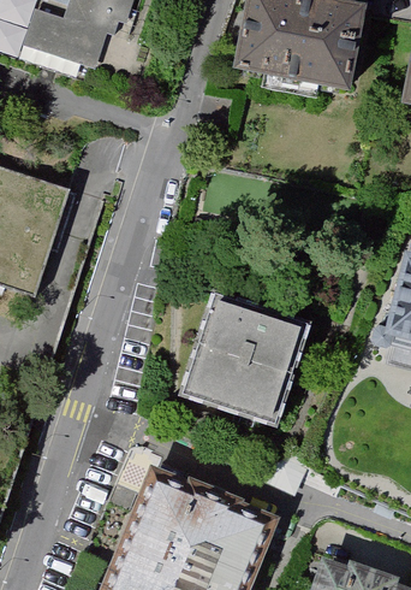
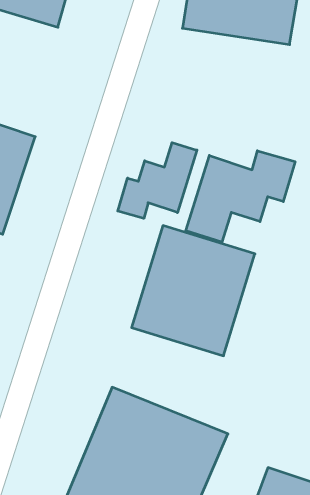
building: none -> [118,143,197,218]
building: none -> [186,151,295,242]

